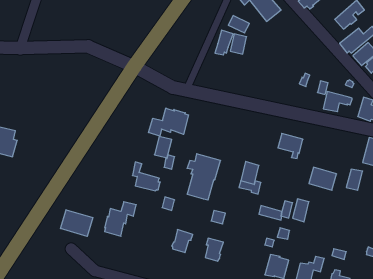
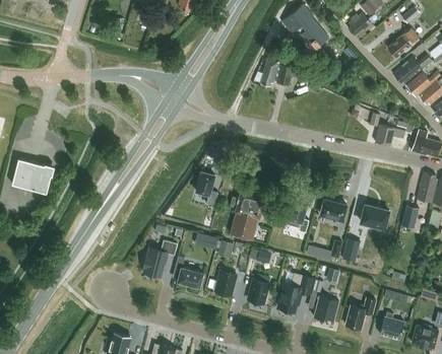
building: [149,108,188,136] -> none
building: [278,133,303,158] -> [320,199,346,225]
building: [132,162,160,191] -> [175,256,204,286]
building: [61,210,93,236] -> none
building: none -> [278,273,313,311]

